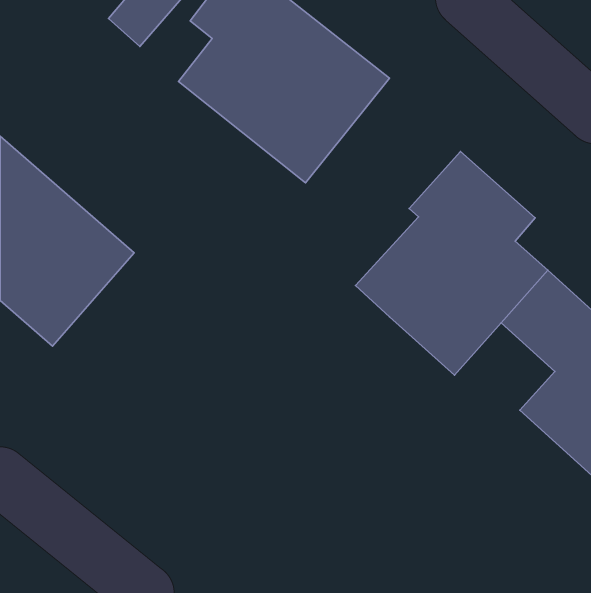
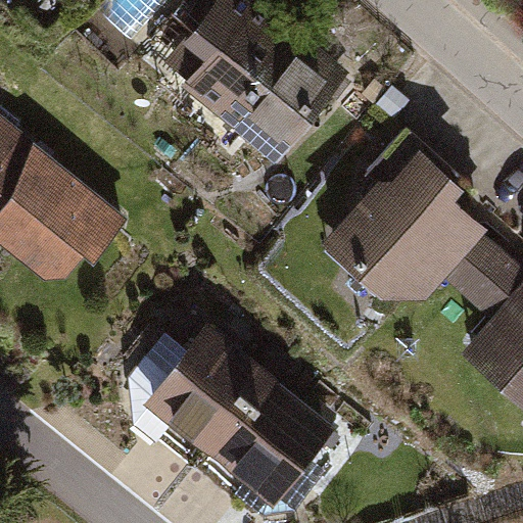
building: none -> [147,314,344,501]

